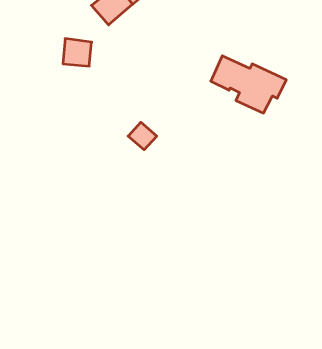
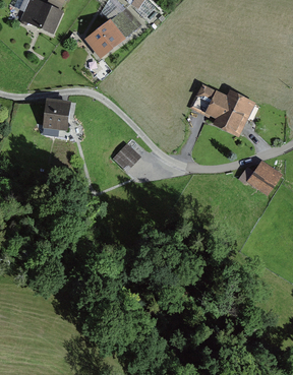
building: [63,39,92,66] -> [46,103,71,127]
building: none -> [240,161,281,194]

